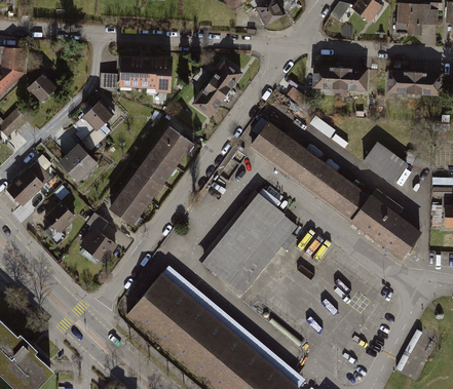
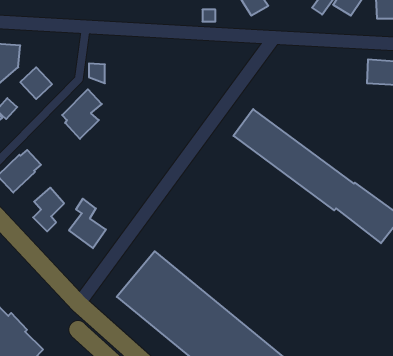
building: [118,53,173,91] -> none
building: [192,59,243,117] -> none
building: [312,66,367,91] -> none
building: [108,125,194,226] -> none
building: [362,142,408,185] -> none
building: [58,143,98,183] -> none
building: [198,195,294,295] -> none

